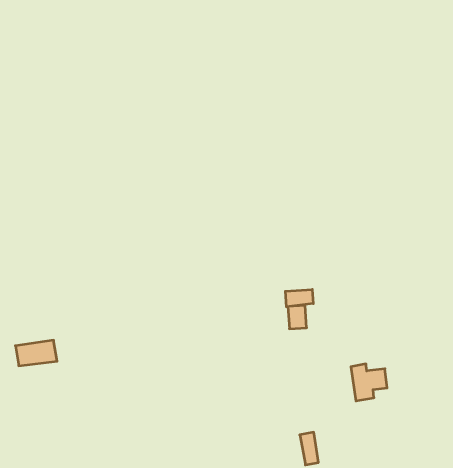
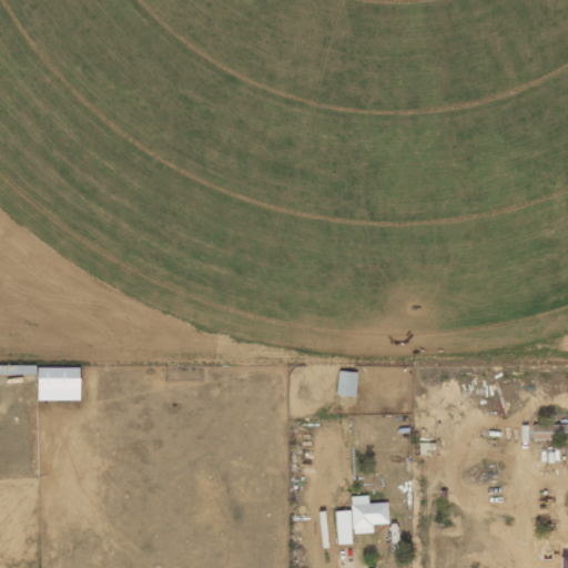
building: [285,289,313,307] -> none
building: [351,364,387,401] -> [352,494,388,532]

